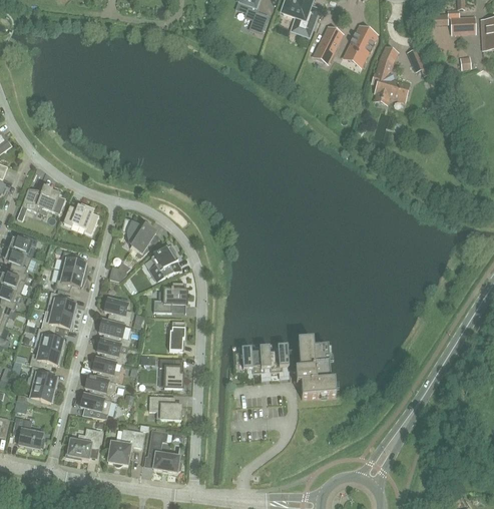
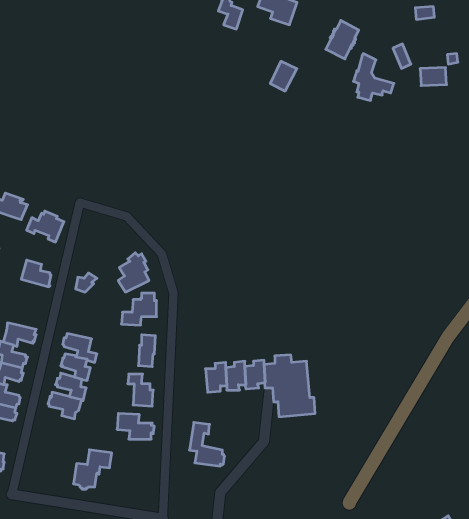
building: [451,16,476,33] -> [420,68,447,86]
building: [314,34,339,62] -> [270,61,297,91]
building: [121,217,156,258] -> none
building: [55,269,85,291] -> none
building: [48,291,77,316] -> none
building: [103,298,130,324] -> none
building: [79,393,111,419] -> none
building: [65,428,102,458] -> none
building: [148,430,181,471] -> [189,422,225,466]

